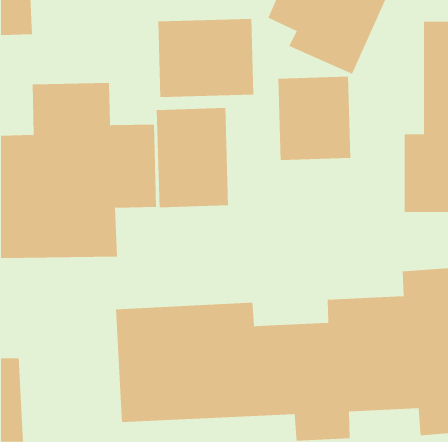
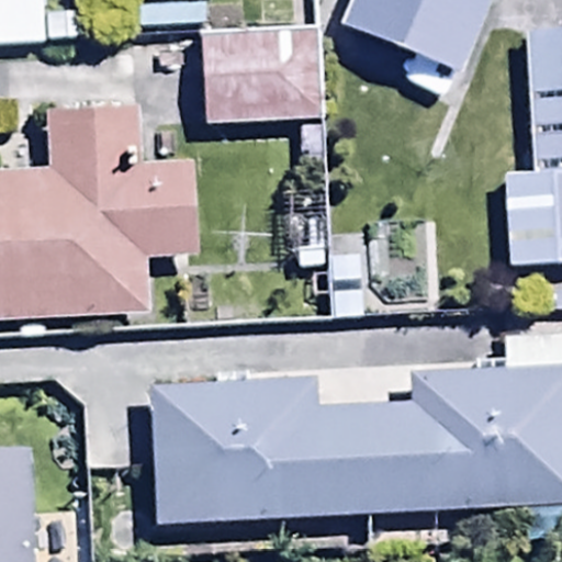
building: [278,76,351,161] -> none
building: [156,107,229,208] -> none

